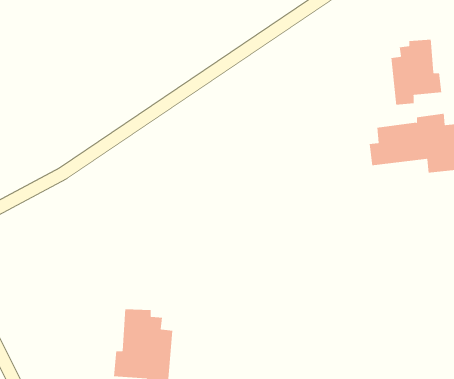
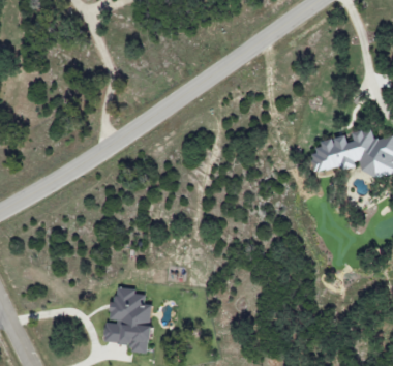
building: [391,39,442,105] -> none

